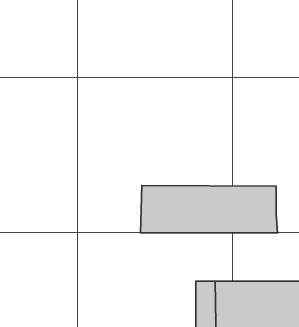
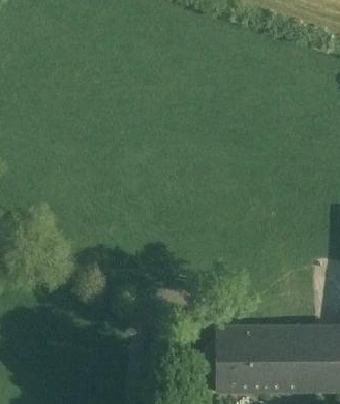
building: [141,185,277,233] -> none

